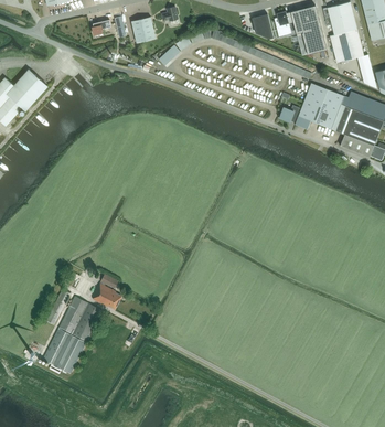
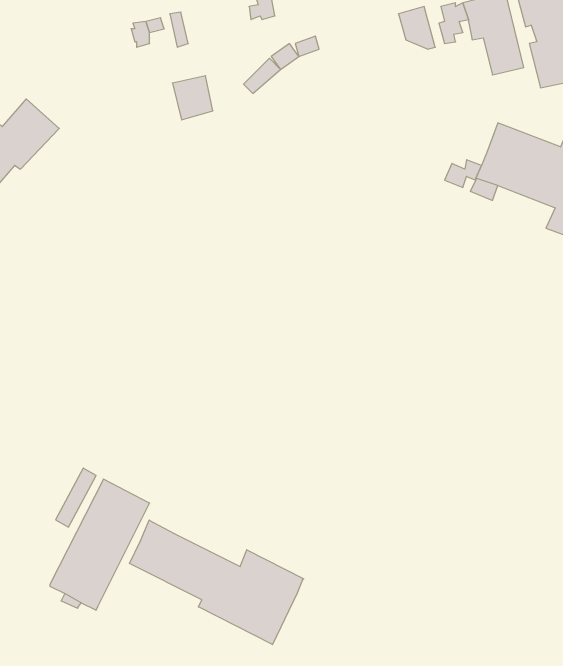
building: [131,17,156,43] -> [172,76,213,120]
building: [93,274,122,309] -> none
building: none -> [129,520,304,645]

